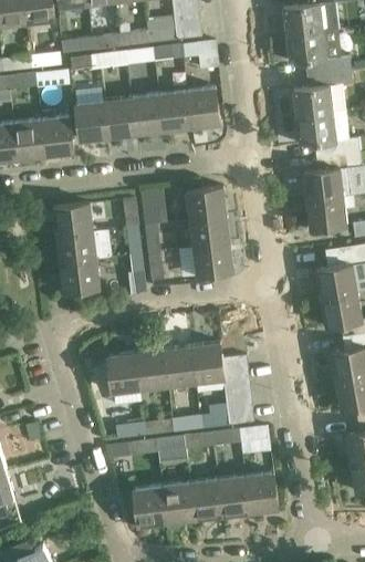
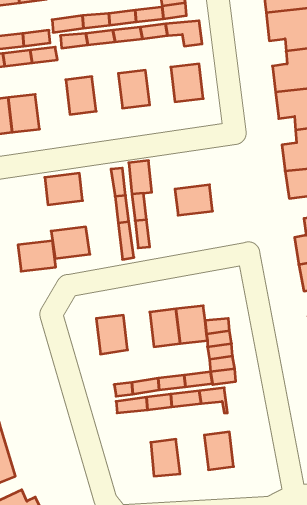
building: [158,91,189,131] -> none
building: [102,97,134,137] -> none
building: [42,116,74,156] -> none
building: [186,186,226,219] -> none
building: [55,231,95,263] -> [18,241,56,271]
building: [192,242,232,275] -> none
building: [135,348,167,388] -> none
building: [241,425,270,455] -> none
building: [247,472,277,511] -> none
building: [190,478,225,519] -> none
building: [121,486,167,525] -> none

